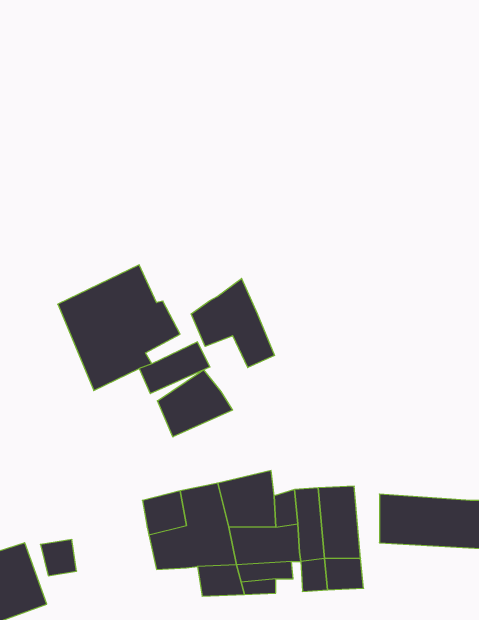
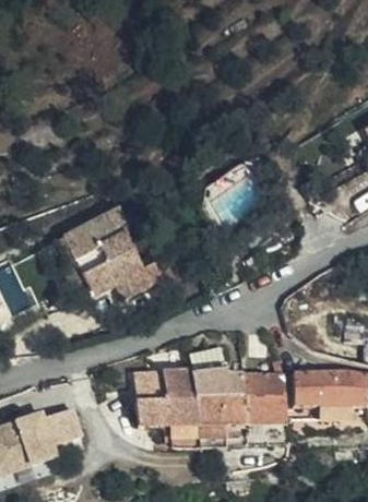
building: [191,278,275,368] -> none
building: [157,370,233,437] -> none

